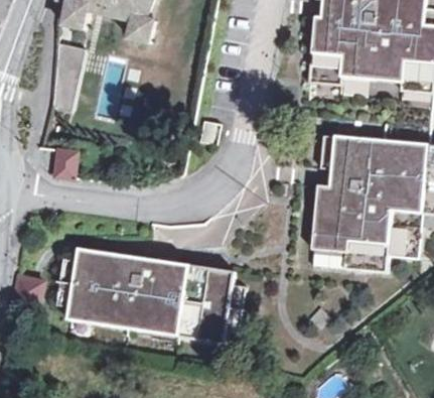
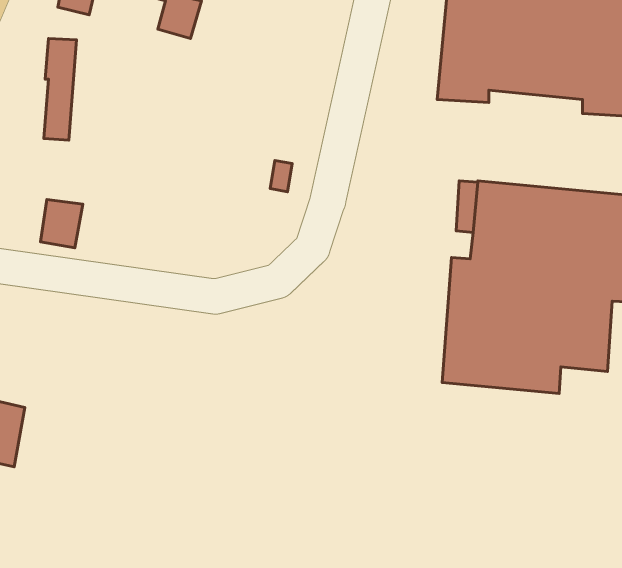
building: [70,246,237,340] -> none

